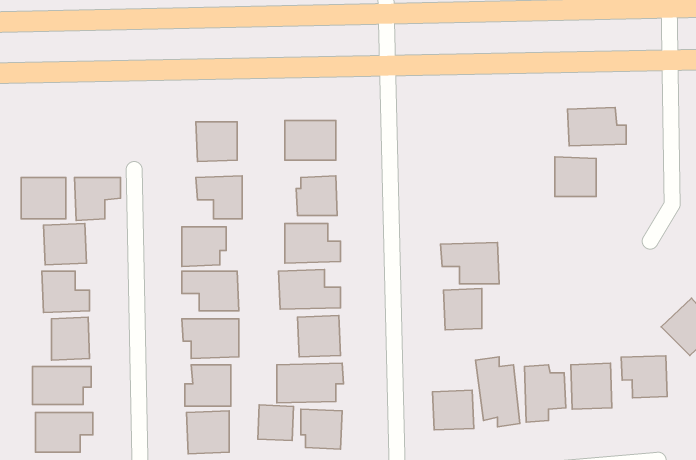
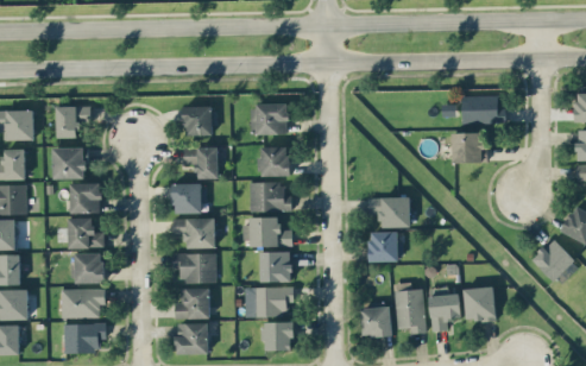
building: [75,178,121,220] -> [56,106,90,138]
building: [621,356,667,398] -> none
building: [258,405,293,441] -> none

